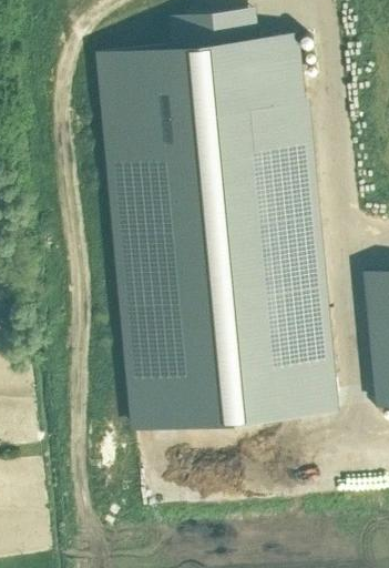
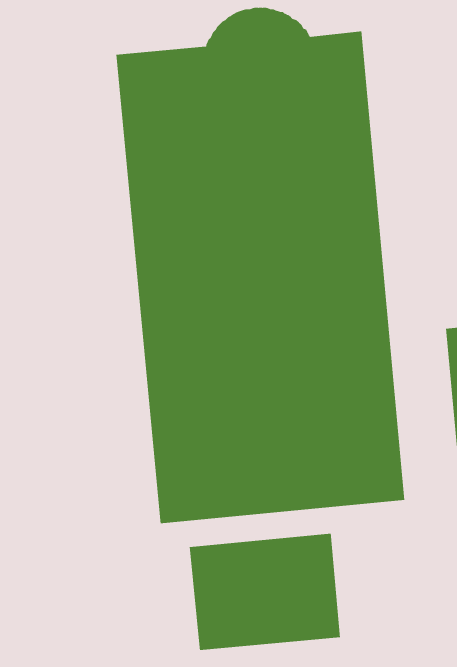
building: none -> [189,533,340,651]

